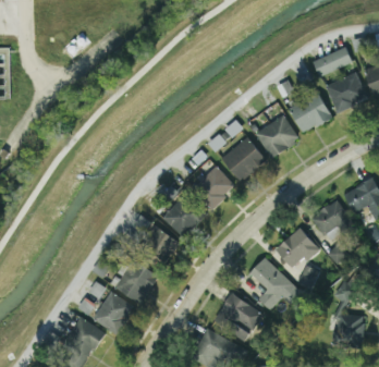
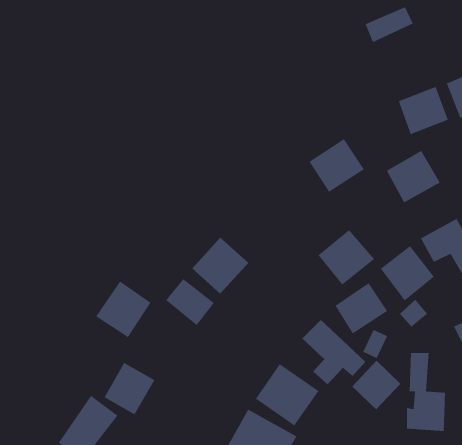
building: [313,48,352,77] -> [364,6,414,43]
building: [289,91,332,134] -> [386,150,441,204]
building: [221,137,267,182] -> [317,229,375,285]
building: [193,166,235,209] -> none
building: [114,259,159,305] -> [95,281,151,338]
building: none -> [351,360,401,410]

